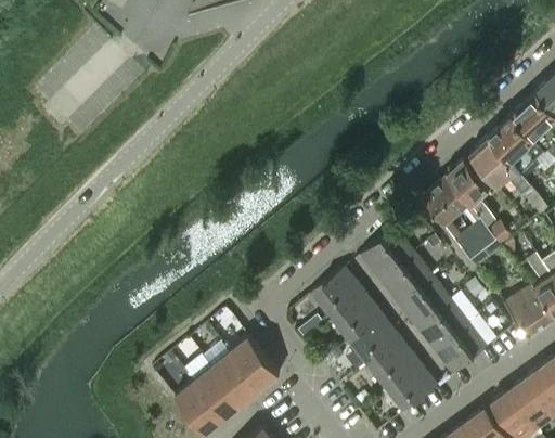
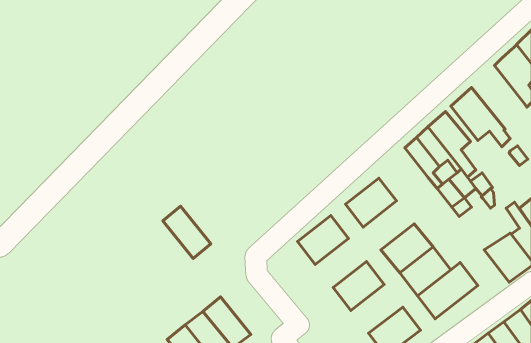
building: [492,111,547,177] -> none
building: [379,252,433,302] -> none
building: [330,291,383,342] -> none
building: [231,336,281,390] -> [163,206,211,258]
building: [366,338,421,389] -> none

